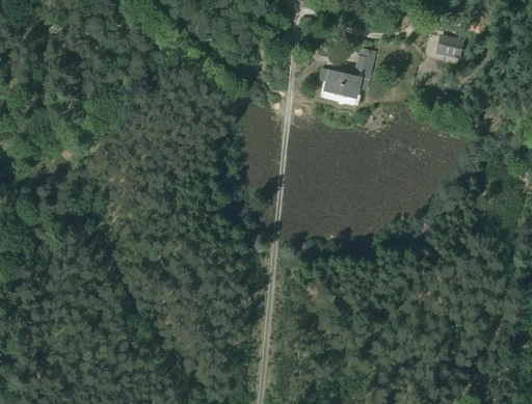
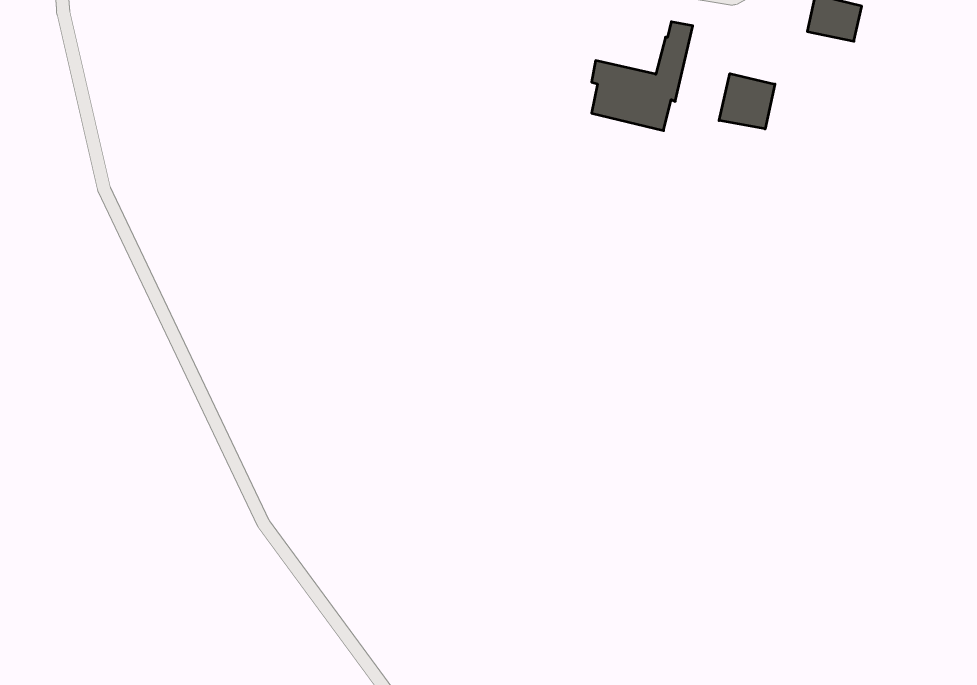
building: none -> [719,74,775,129]

